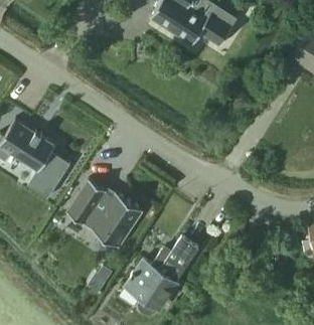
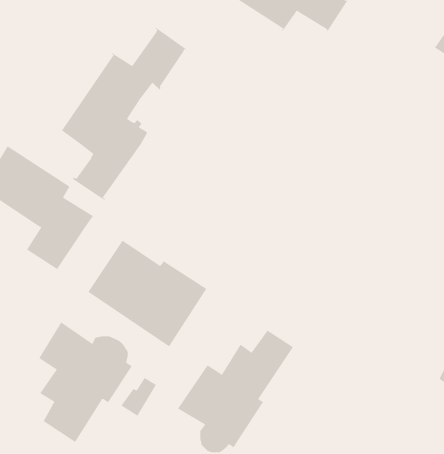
building: none -> [60,27,188,201]
building: none -> [38,321,133,443]

